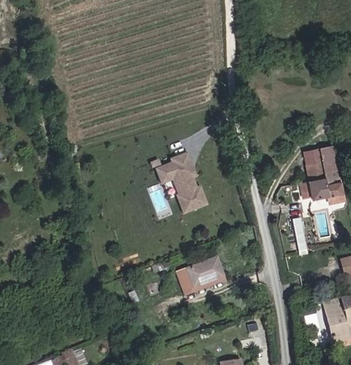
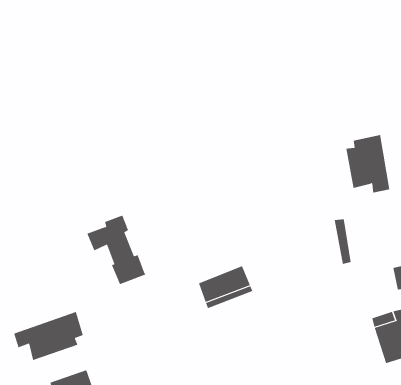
building: [153,153,204,213] -> [87,215,146,285]
building: none -> [14,311,84,361]

